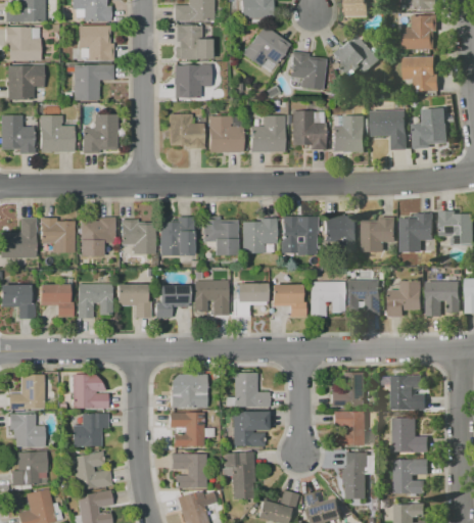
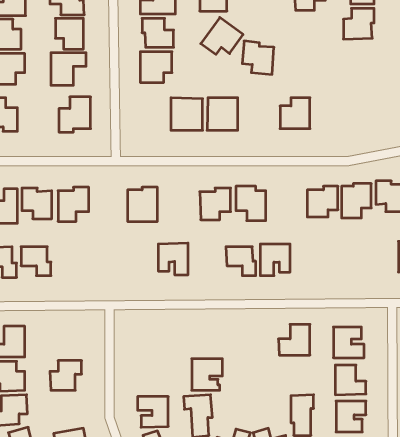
building: [333,32,382,74] -> none
building: [406,55,441,90] -> none
building: [415,107,449,148] -> none
building: [292,110,326,150] -> none
building: [373,110,410,148] -> none
building: [170,113,204,148] -> none
building: [40,115,74,152] -> none
building: [326,213,360,251] -> none
building: [203,216,238,254] -> none
building: [121,219,155,253] -> none
building: [349,279,383,315] -> none
building: [390,280,425,316] -> none
building: [429,281,464,315] -> none
building: [233,283,267,317] -> none
building: [78,284,112,318] -> none
building: [116,284,150,317] -> none
building: [155,285,189,317] -> none
building: [235,373,270,408] -> none
building: [73,374,108,410] -> none
building: [172,375,207,408] -> none
building: [335,411,368,444] -> none
building: [170,412,204,447] -> none
building: [73,450,112,491] -> none

